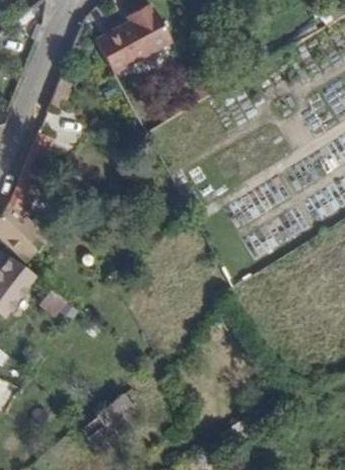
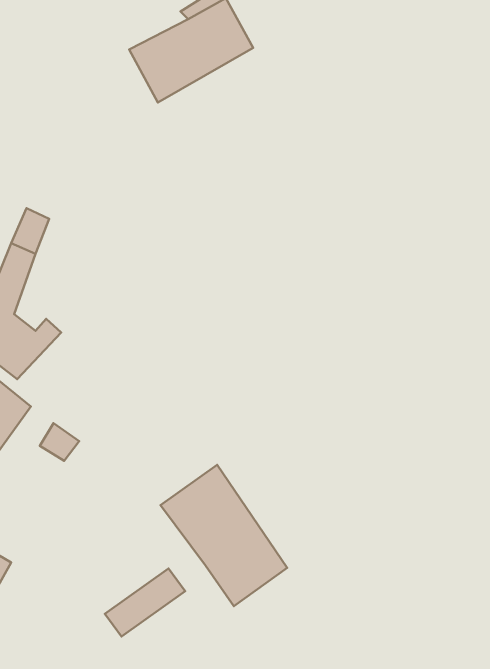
building: none -> [160,465,287,606]

